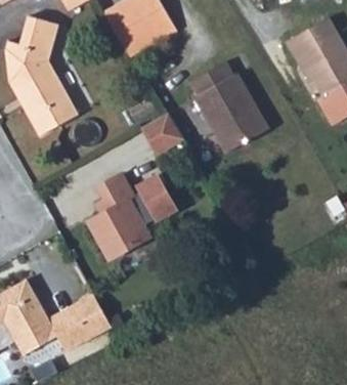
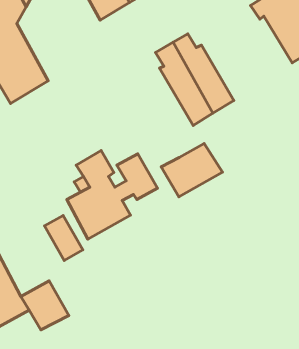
building: [137,114,179,156] -> none
building: none -> [161,143,222,197]
building: [79,299,117,343] -> [44,216,83,260]

